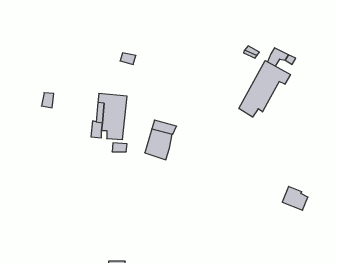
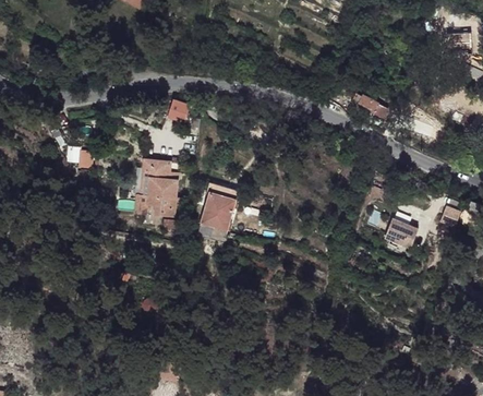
building: [239,61,290,117] -> none
building: [282,186,308,210] -> [386,218,418,248]

